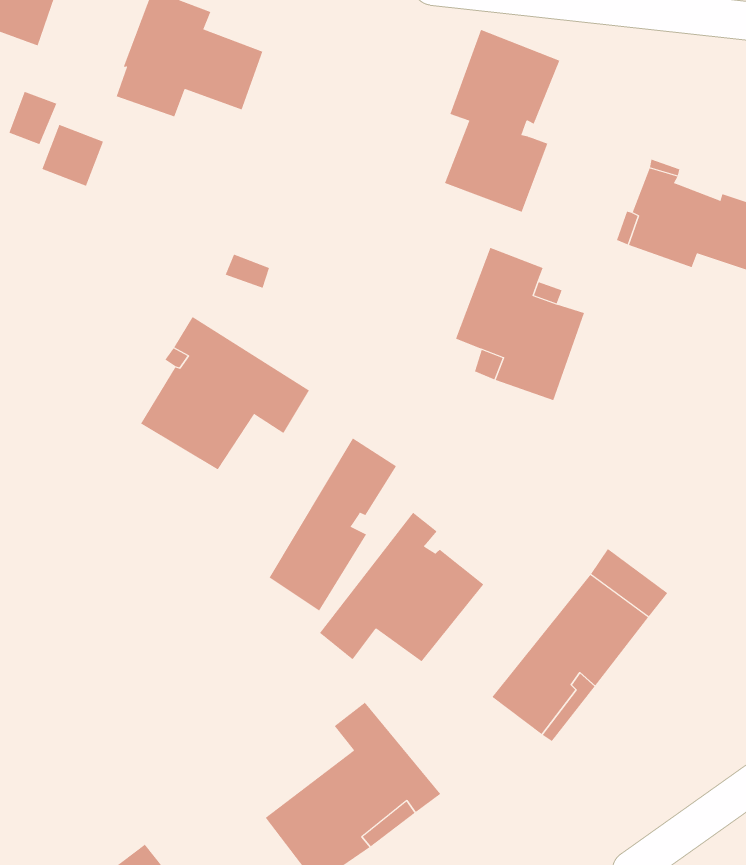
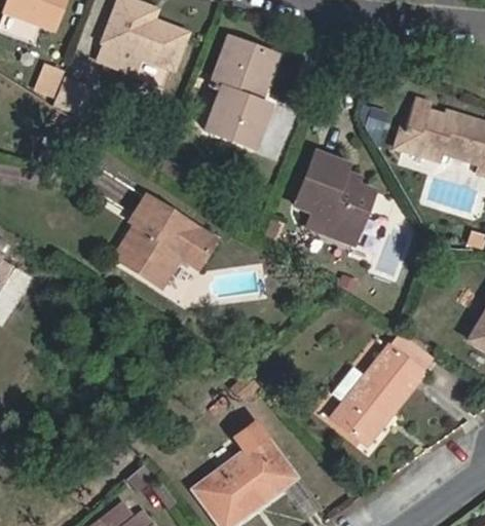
building: [444,29,560,213] -> [211,38,279,147]
building: [269,437,397,612] -> none
building: [319,512,484,662] -> none

